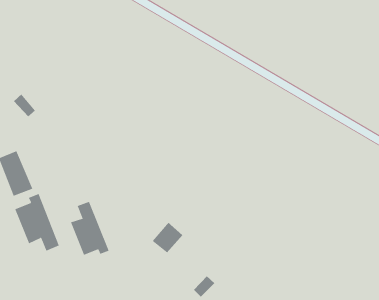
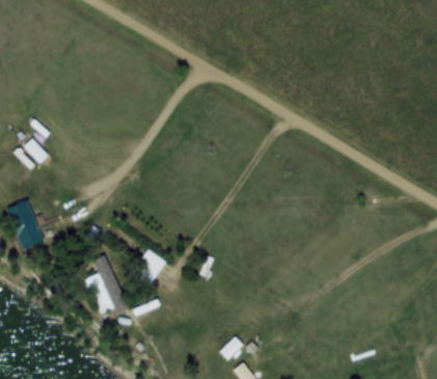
building: [15,193,60,251] -> none
building: [152,222,183,253] -> [133,249,167,283]

